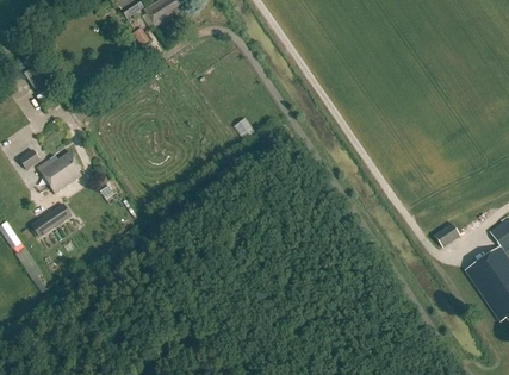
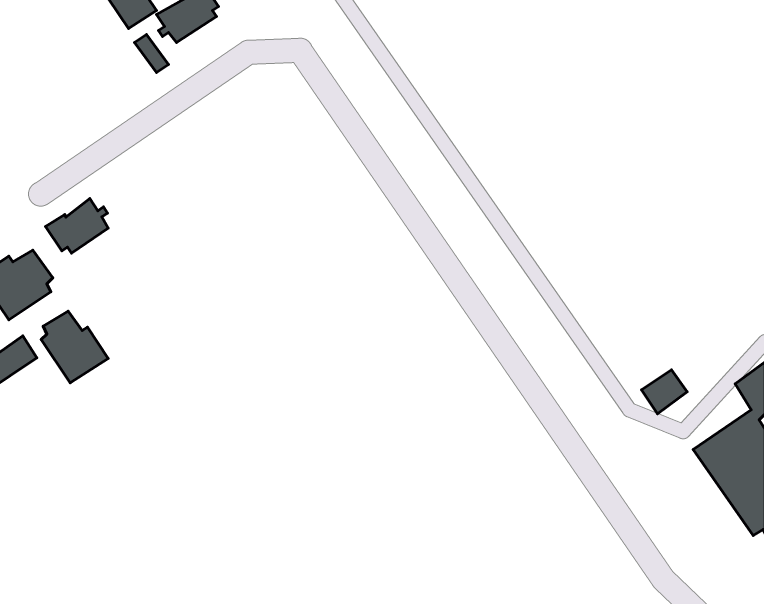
building: none -> [46,199,108,253]
building: none -> [41,311,108,383]

